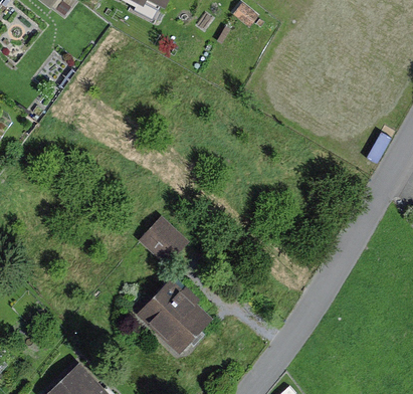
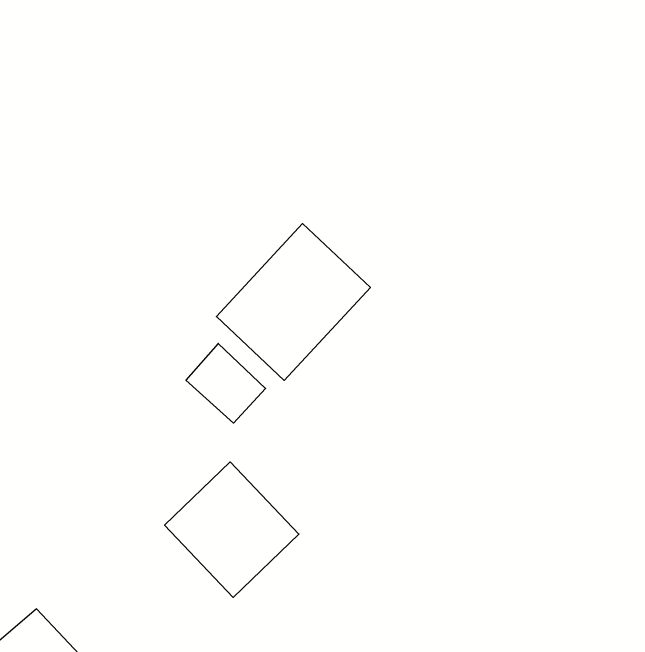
building: none -> [216,224,370,380]

